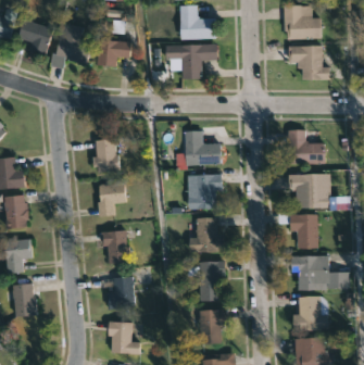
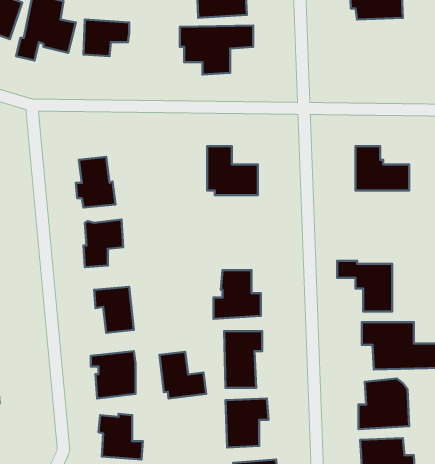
building: [291,46,334,80] -> none
building: [187,174,221,210] -> none
building: [288,174,329,209] -> none
building: none -> [159,352,206,399]

